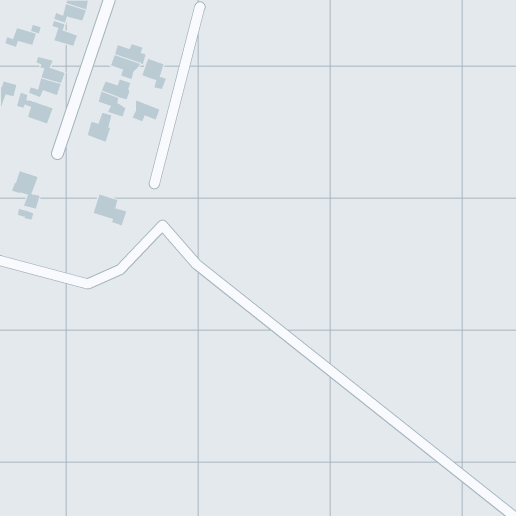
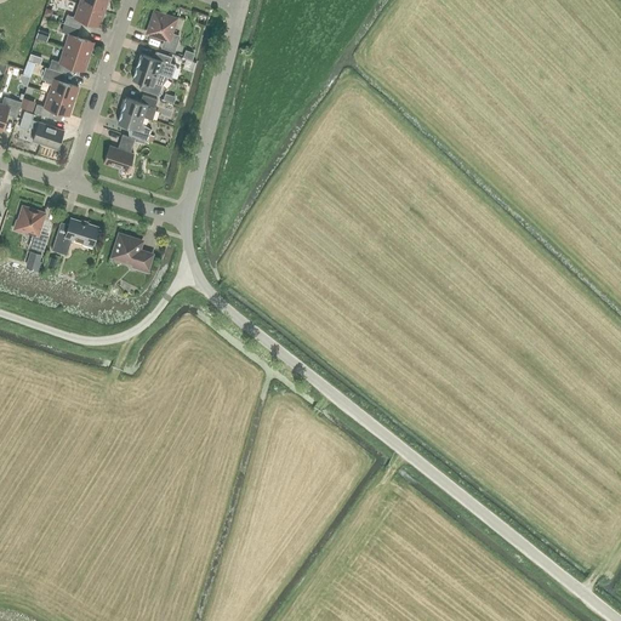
building: [4,27,37,48] -> [50,49,89,73]
building: [141,58,167,90] -> [148,12,178,50]
building: [132,100,160,122] -> none
building: none -> [52,218,98,255]

